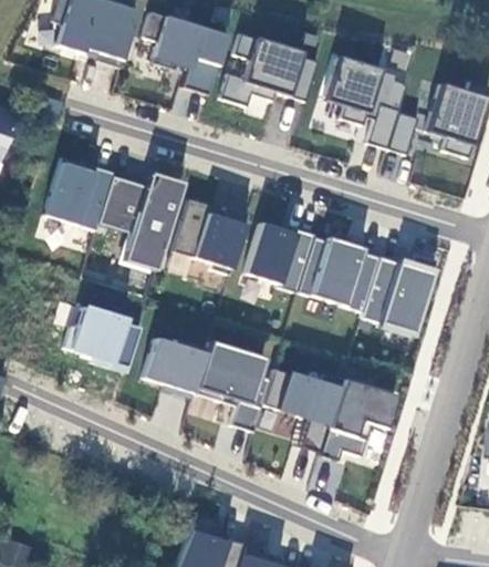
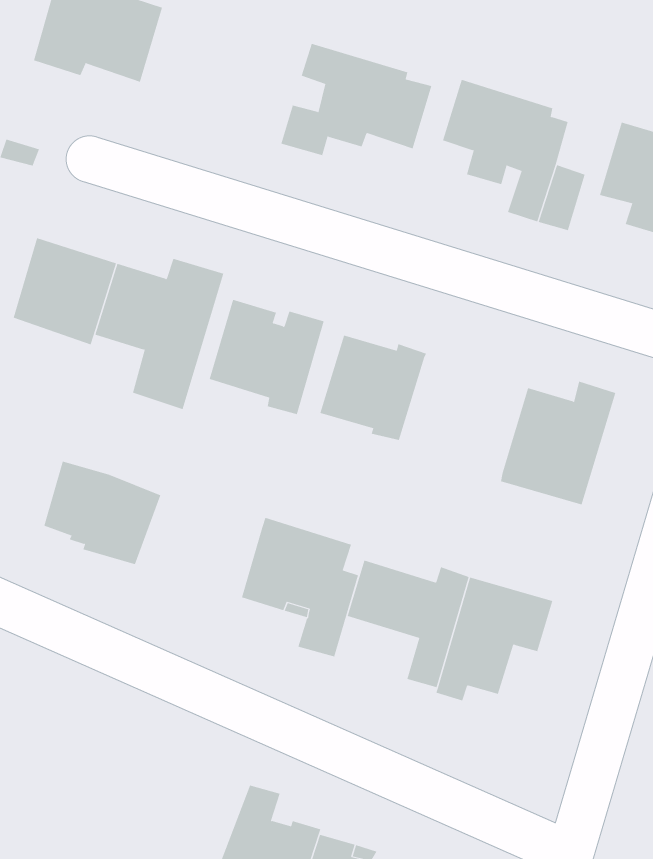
building: [142,11,228,94] -> none
building: [296,236,379,311] -> none
building: [143,337,207,398] -> none

